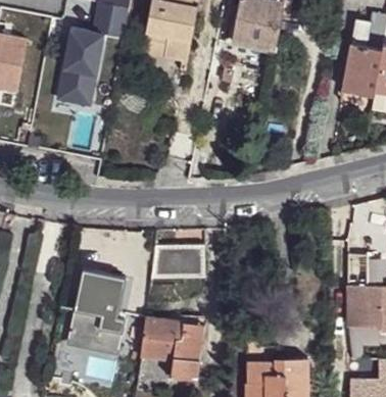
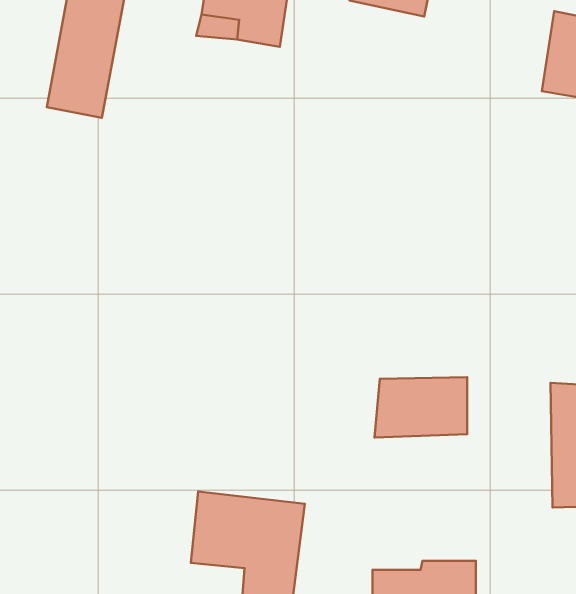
building: [151,244,204,279] -> [375,377,467,438]
building: [70,264,126,345] -> none

